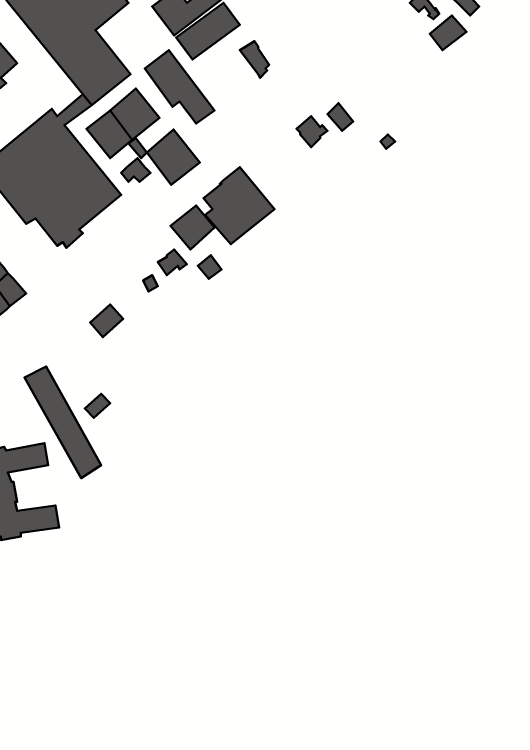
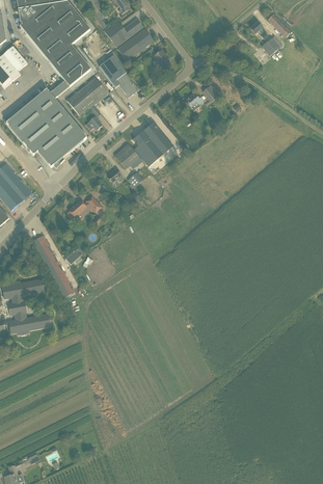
building: [147,130,200,185] -> none

